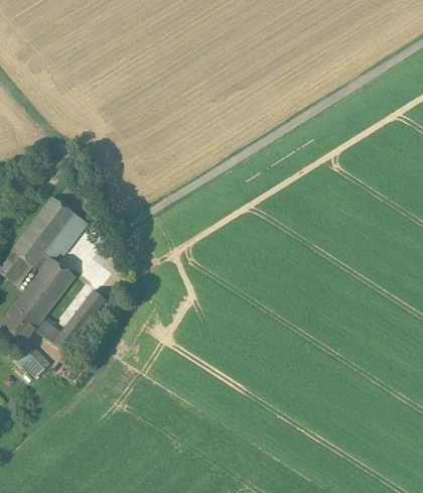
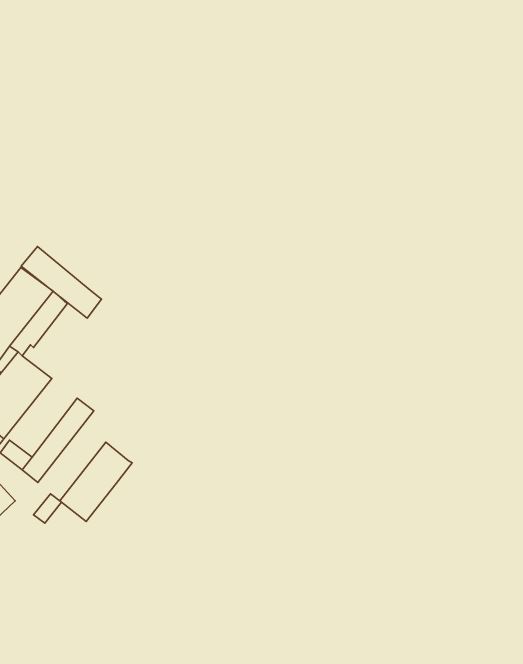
building: none -> [21,247,102,318]
building: none -> [60,442,132,521]

